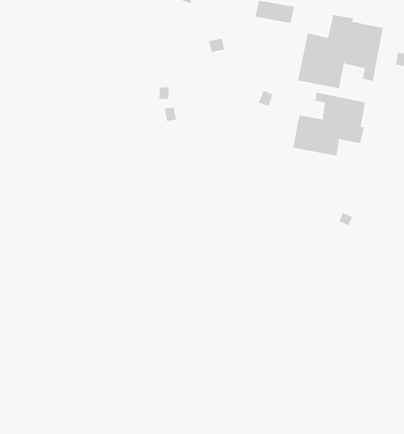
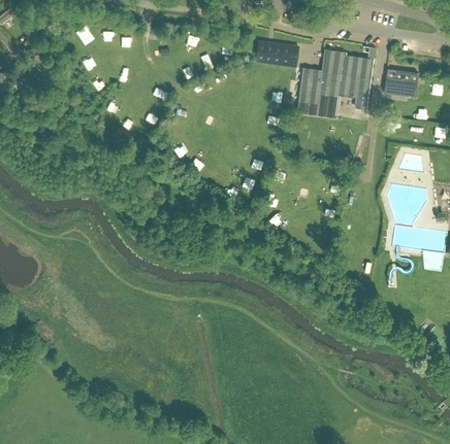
building: [292,92,366,157] -> none

